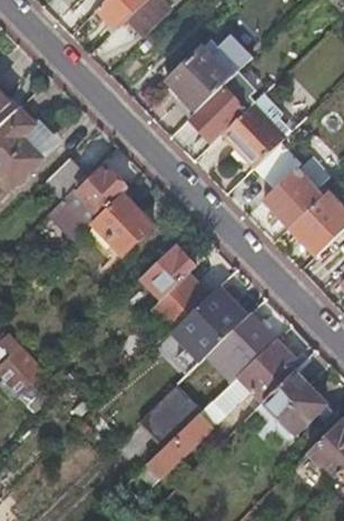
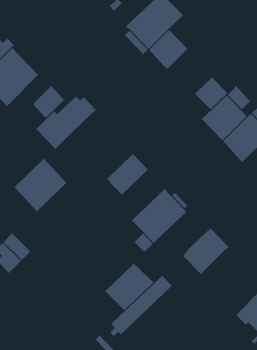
building: [223,102,287,167] -> none
building: [85,193,154,263] -> [14,158,67,212]
building: [151,274,209,331] -> none
building: [207,314,276,382] -> none
building: [255,370,327,444] -> none

